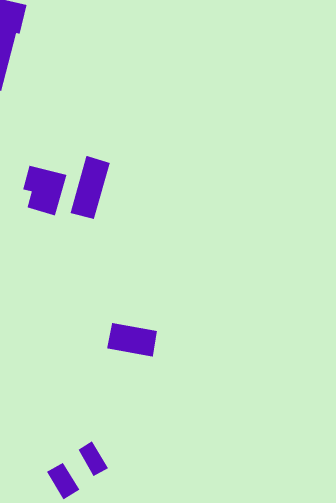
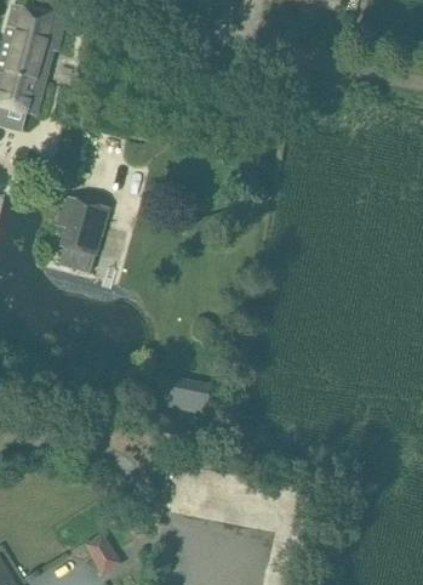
building: [69,155,111,220] -> none
building: [77,440,109,477] -> none

